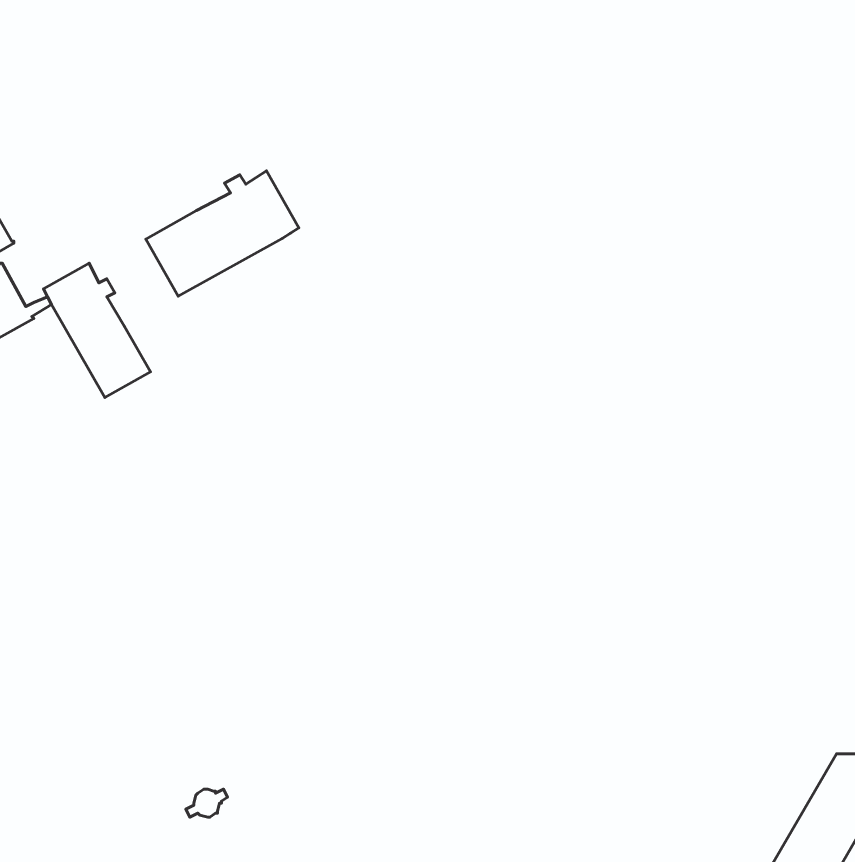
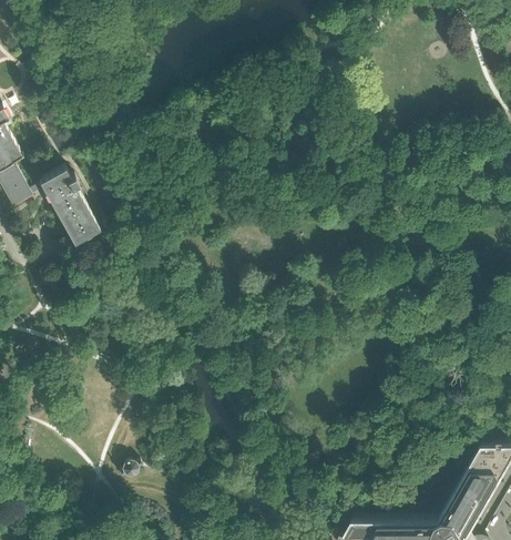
building: [146,171,299,296] -> none

